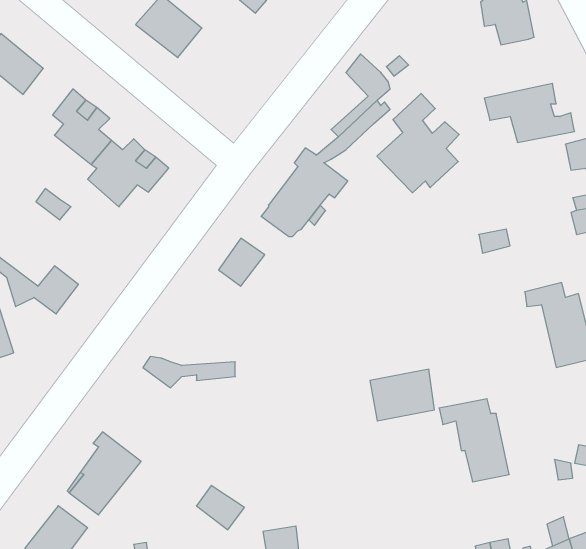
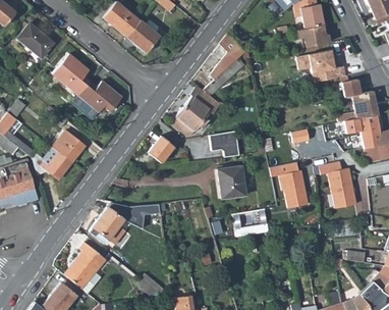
building: none -> [127,17,161,52]
building: none -> [298,25,330,47]
building: [377,93,459,193] -> none
building: none -> [52,128,86,161]
building: none -> [210,130,240,157]
building: none -> [216,165,246,200]
building: none -> [90,206,124,249]
building: [439,399,509,482] -> [270,162,309,208]

